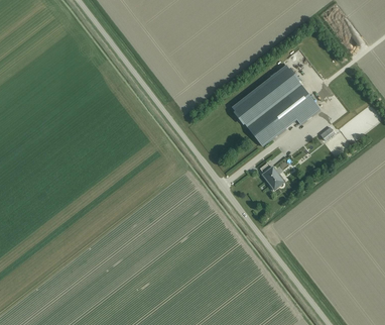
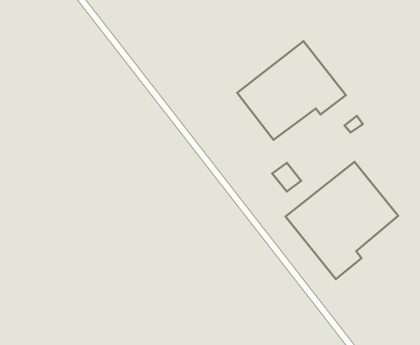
building: none -> [286,162,398,279]

